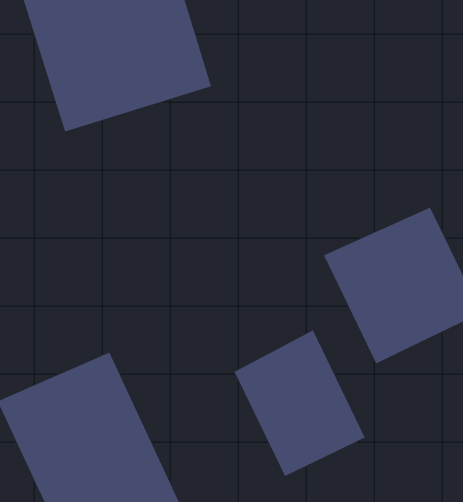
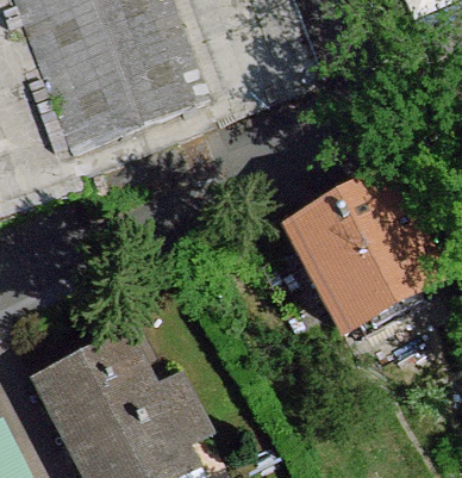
building: [234,330,366,477] -> none

